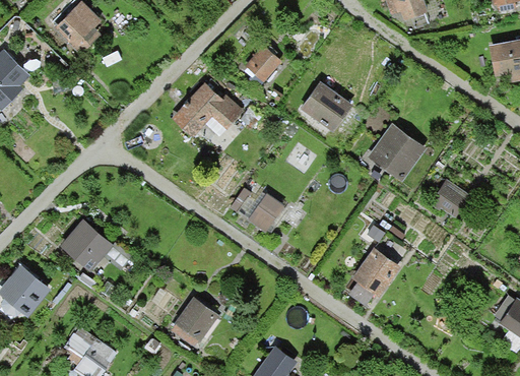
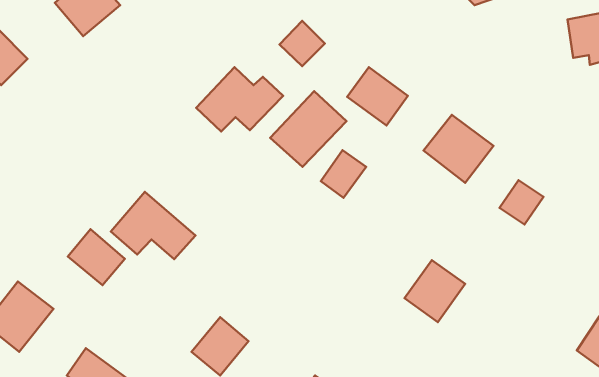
building: none -> [270,91,346,167]
building: none -> [111,192,196,259]
building: [248,192,286,233] -> [321,150,366,198]

